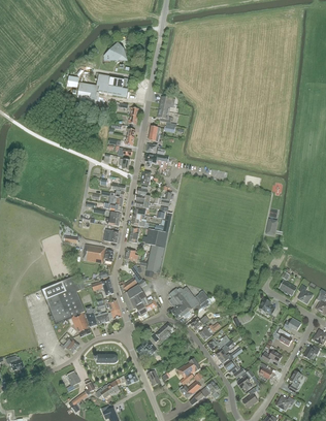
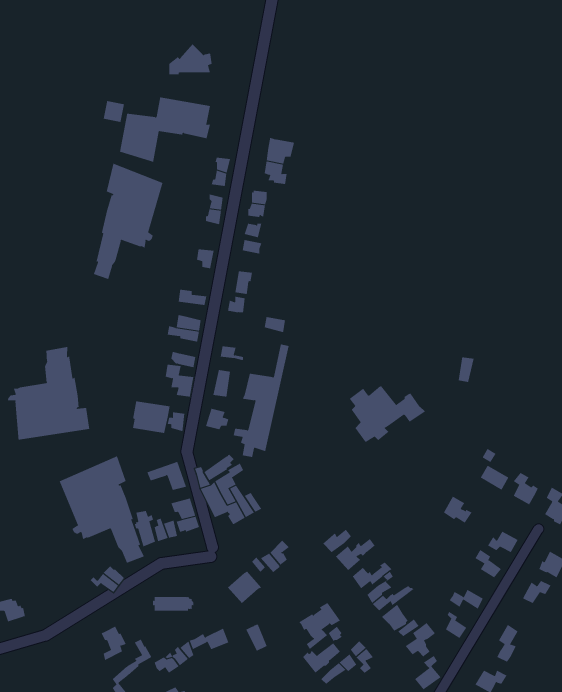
building: none -> [93,163,163,280]
building: none -> [8,346,90,441]
building: [167,287,210,319] -> [349,386,426,443]

